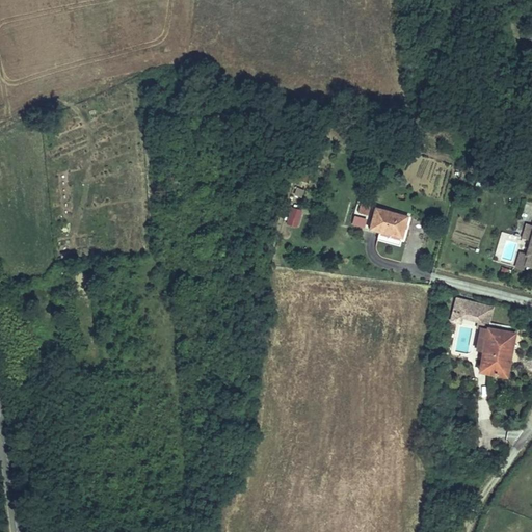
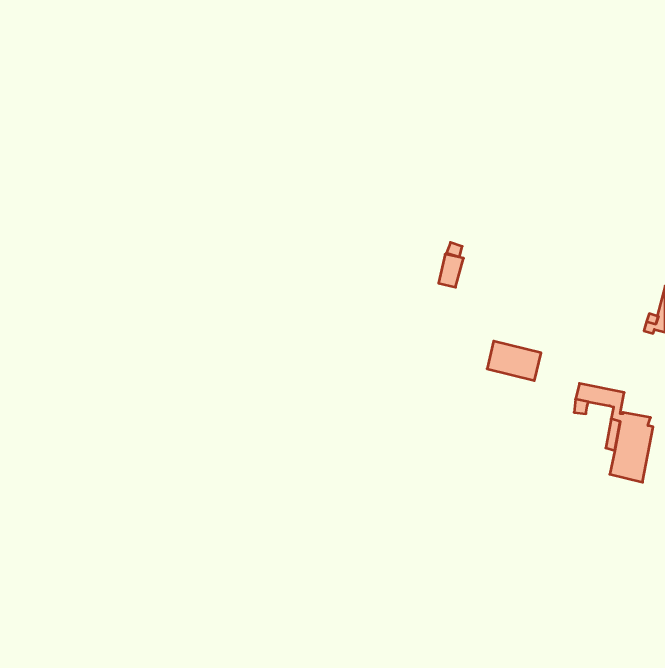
building: [365,200,407,231] -> [487,341,541,381]

